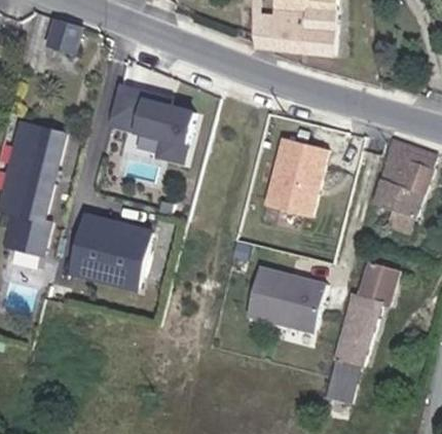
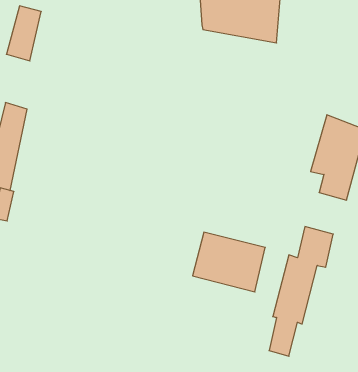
building: [108,87,192,161] -> none
building: [264,136,327,215] -> none
building: [73,223,152,288] -> none

